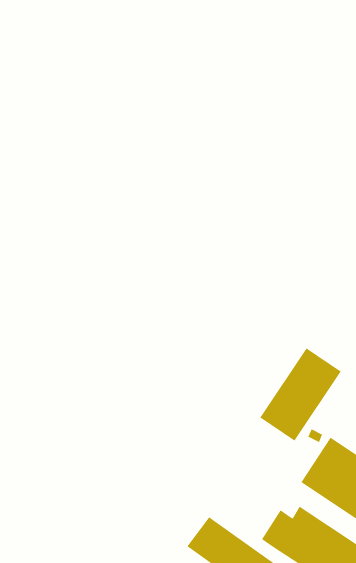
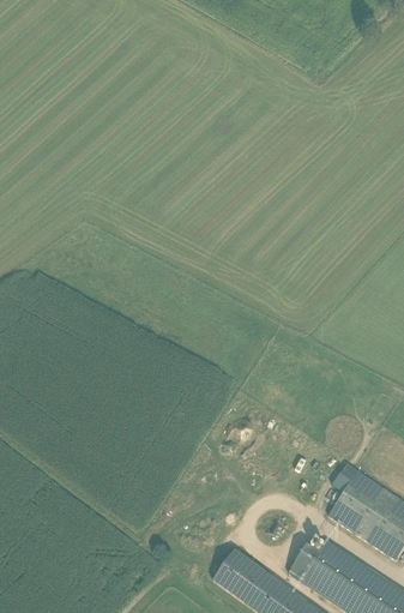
building: [260,347,341,441] -> none

